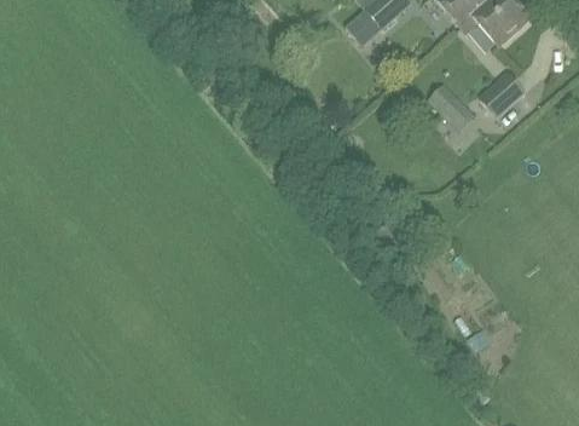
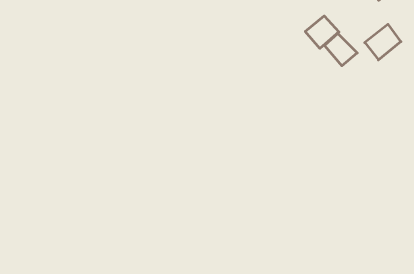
building: none -> [305,16,339,48]

